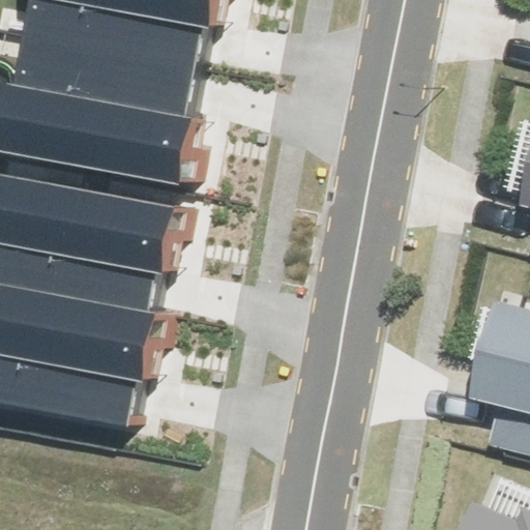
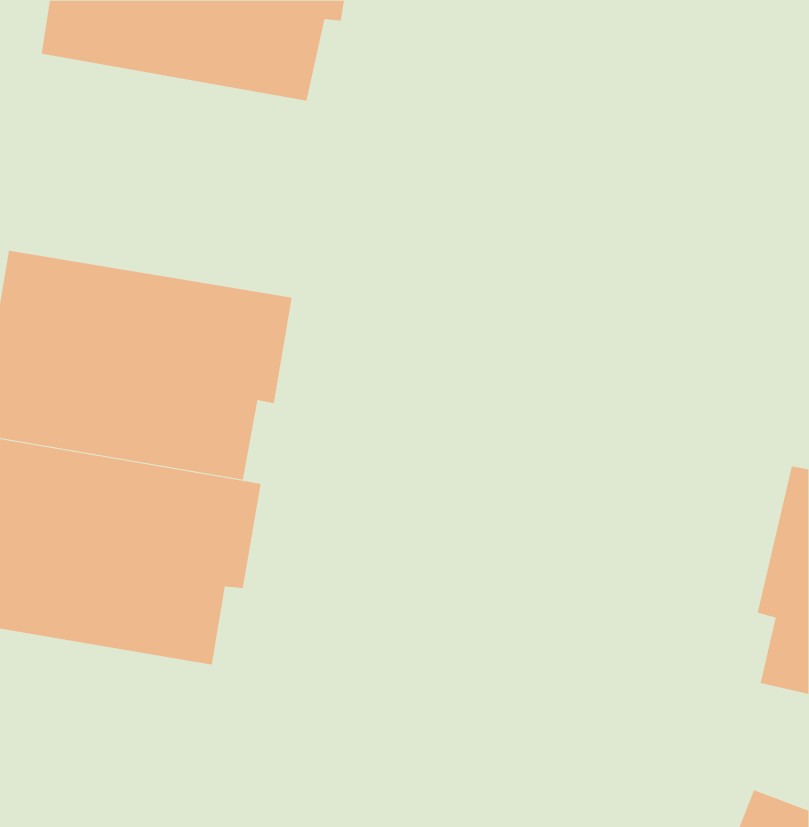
building: [5,39,197,185] -> none

